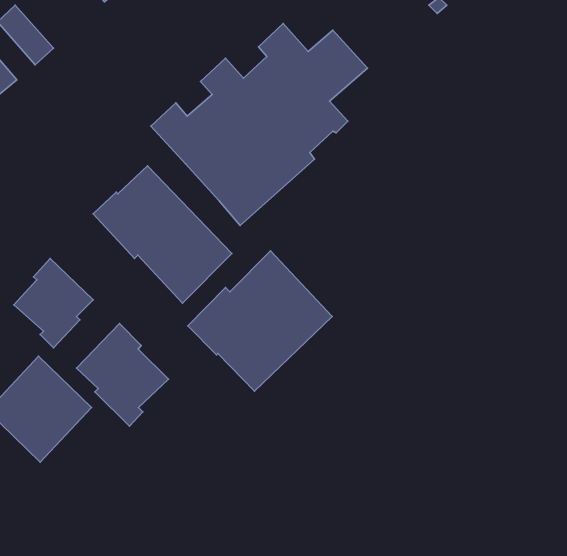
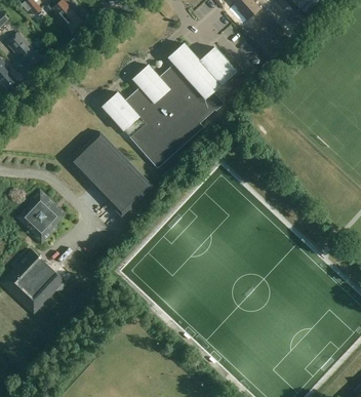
building: [188,251,332,391] -> none
building: [76,324,169,426] -> none

